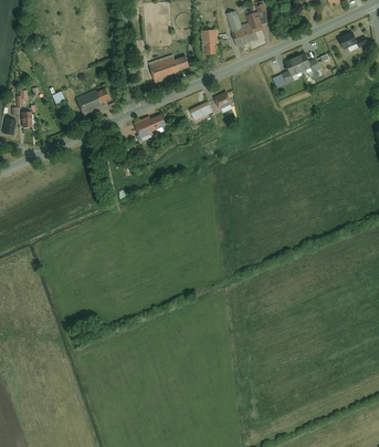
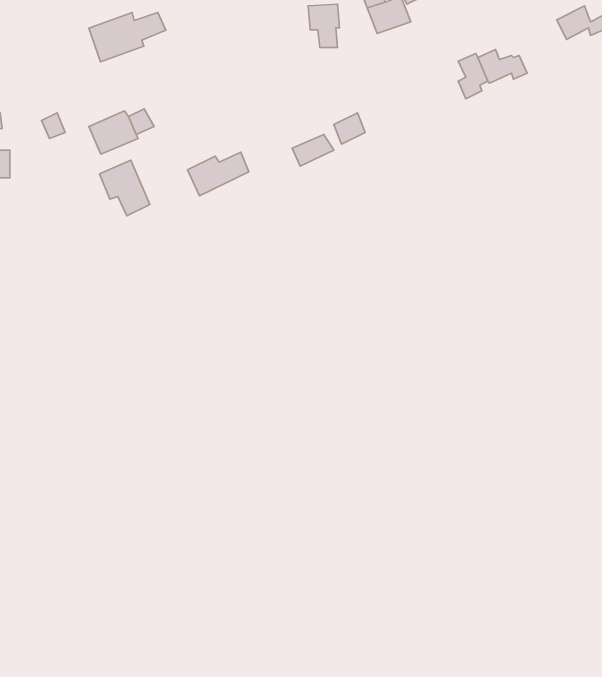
building: [149,56,192,84] -> [89,12,166,62]
building: none -> [100,160,150,216]

